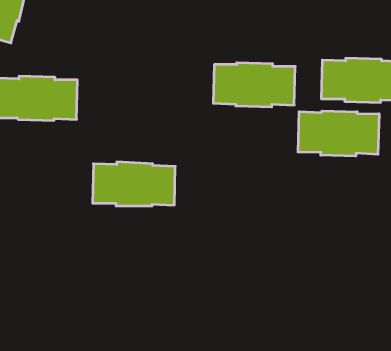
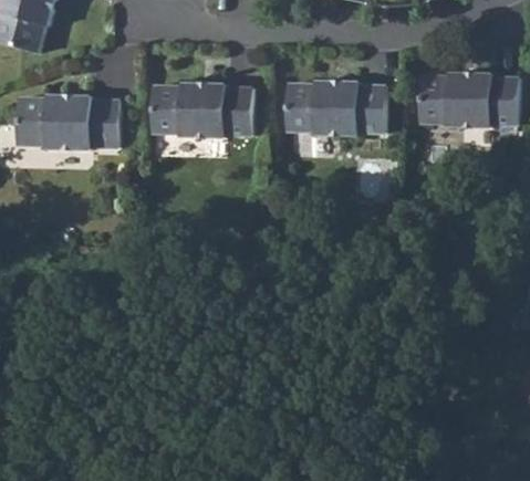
building: [298,111,379,156] -> none
building: [93,162,175,206] -> [152,86,253,140]

